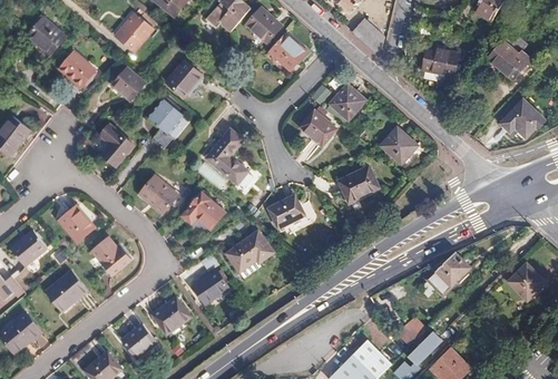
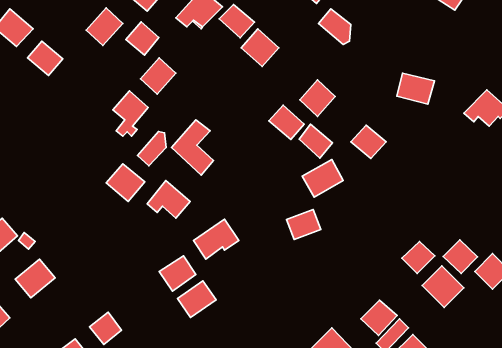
building: [486,39,528,78] -> none
building: [422,47,460,78] -> [397,73,434,104]
building: [110,70,144,104] -> [126,22,159,55]
building: [99,124,134,166] -> none
building: none -> [299,124,332,158]
building: none -> [137,131,166,166]
building: [268,198,303,229] -> [287,209,321,239]
building: [59,205,94,242] -> none
building: [91,236,131,274] -> none
building: none -> [443,240,478,274]
building: none -> [422,266,464,308]
building: [151,294,190,331] -> [177,281,216,317]

